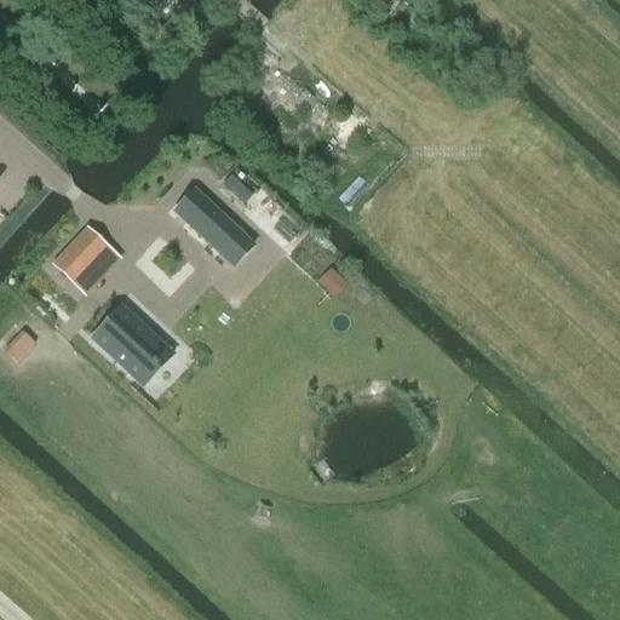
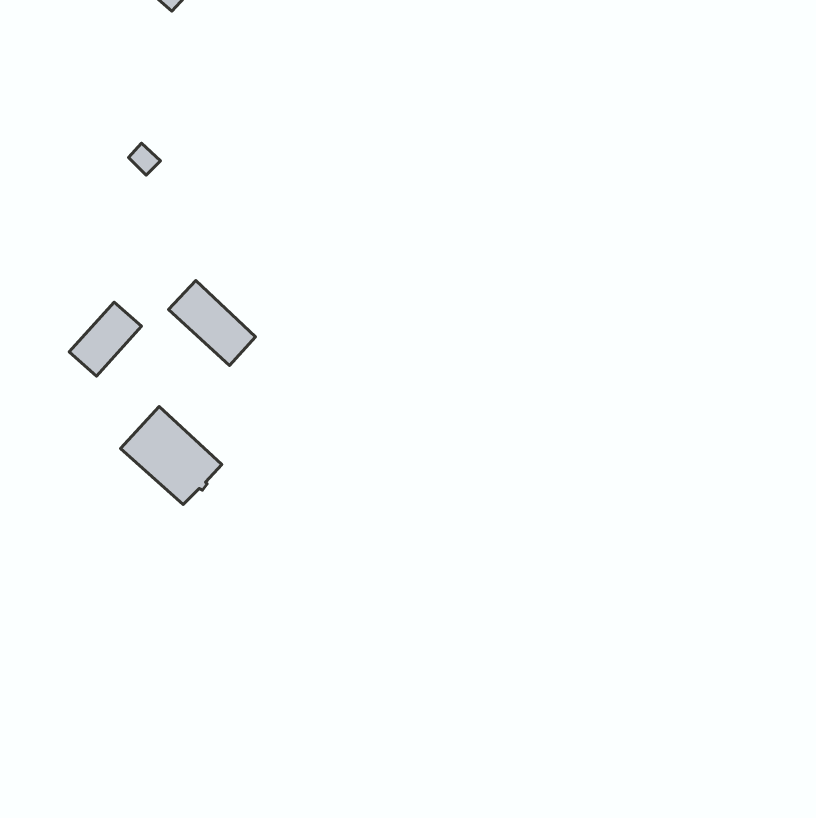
building: [177,189,242,253] -> [169,280,255,366]

